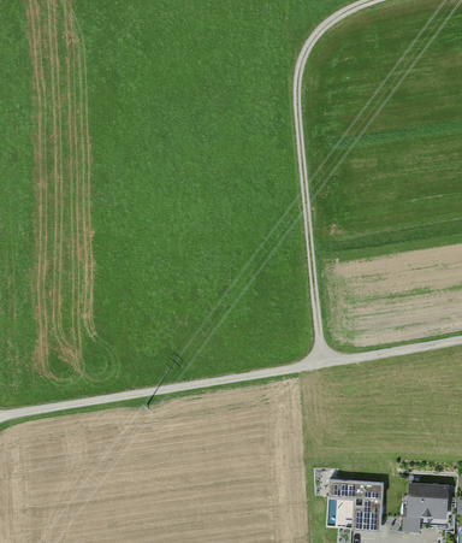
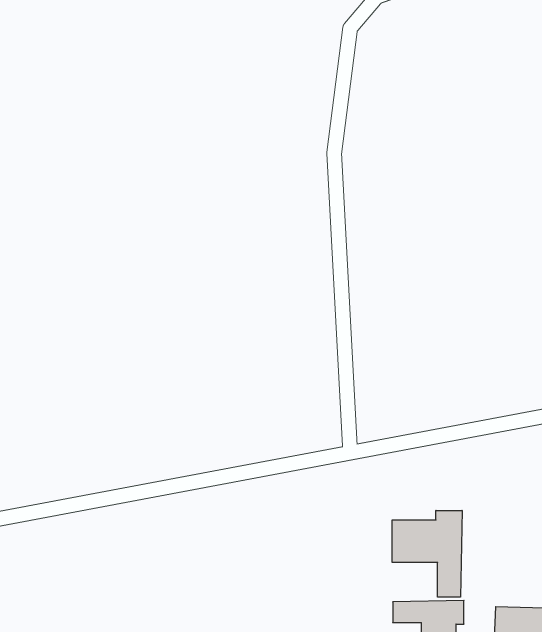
building: none -> [392,510,462,597]

